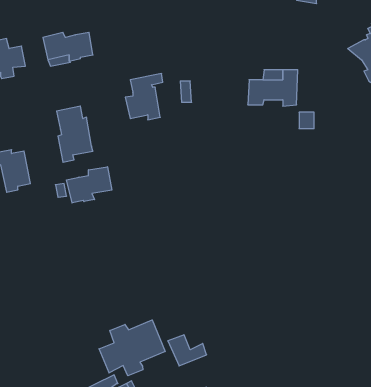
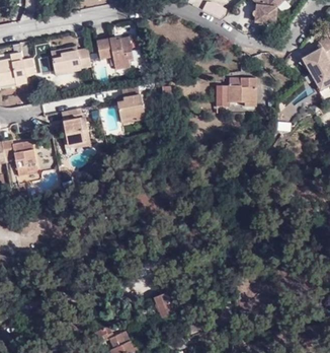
building: none -> [95,37,133,68]
building: [67,167,112,203] -> none
building: [99,320,165,376] -> none

